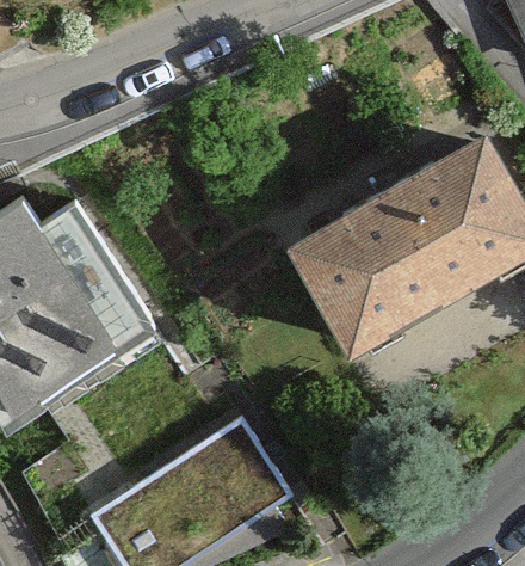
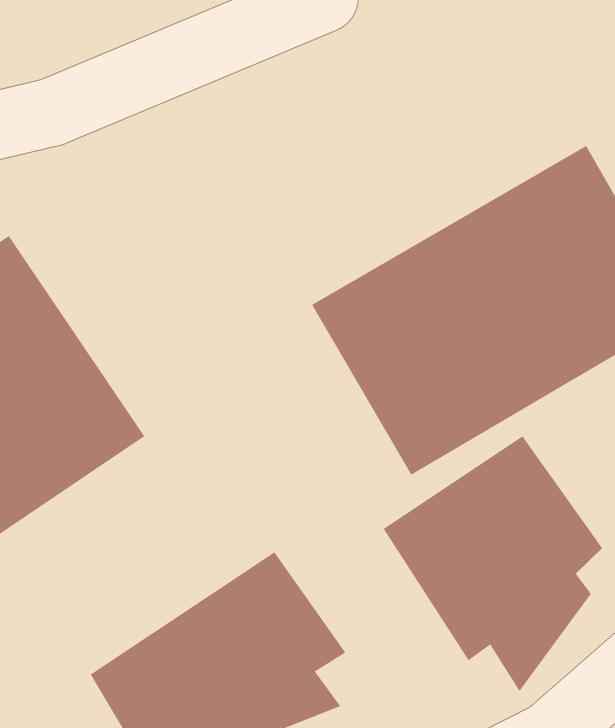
building: none -> [383,436,603,692]

